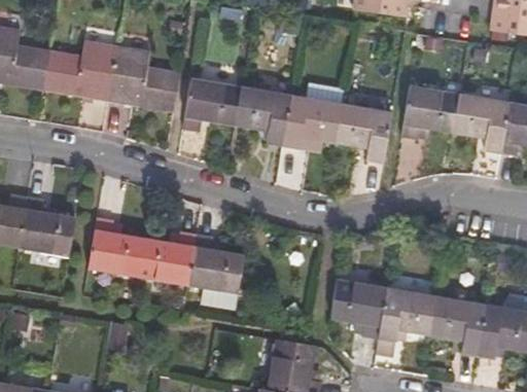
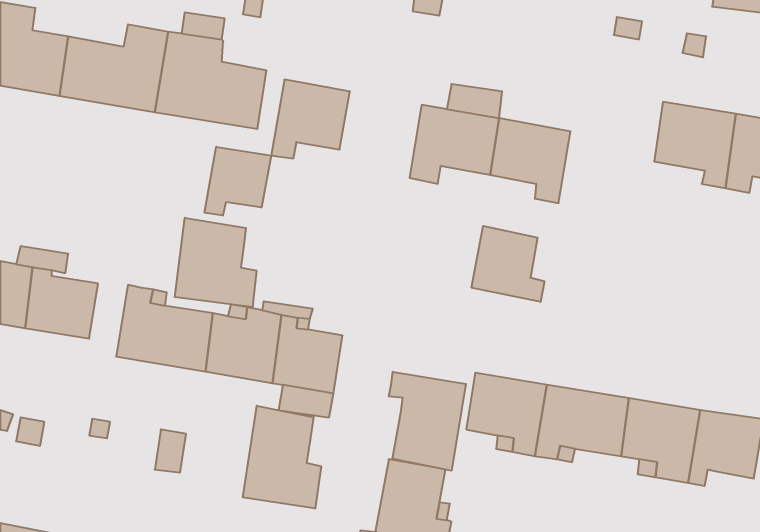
building: [402,85,458,139] -> none
building: [235,86,291,146] -> none
building: none -> [205,147,271,216]
building: none -> [175,218,256,307]
building: none -> [472,226,544,302]
building: none -> [389,372,466,471]
building: none -> [243,406,321,509]

